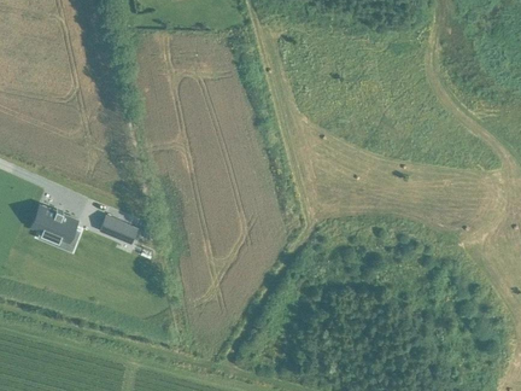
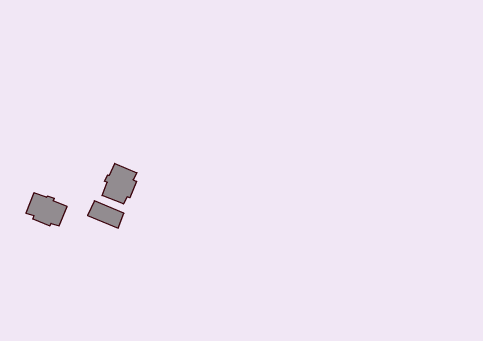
building: none -> [102,163,137,204]

